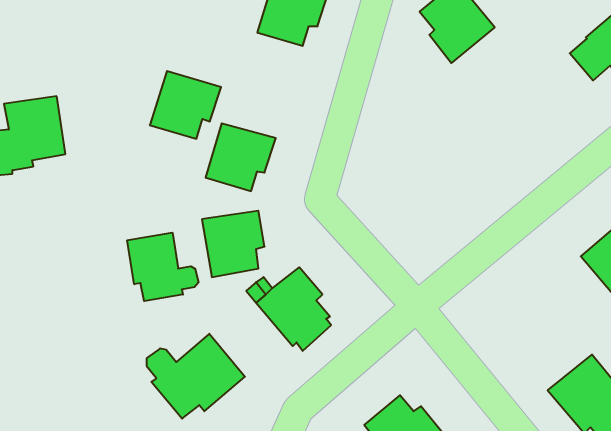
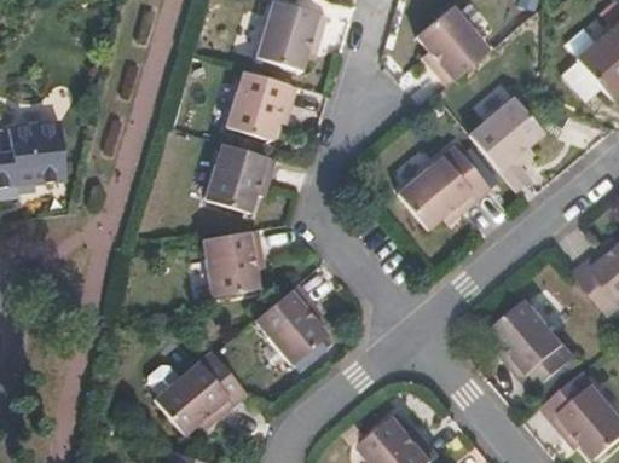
building: [150,71,221,139] -> [226,71,296,138]
building: none -> [469,98,544,192]
building: none -> [398,145,491,230]
building: [127,233,198,301] -> none
building: none -> [493,300,577,393]

